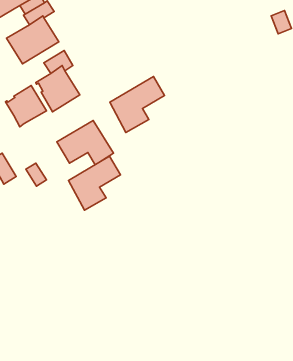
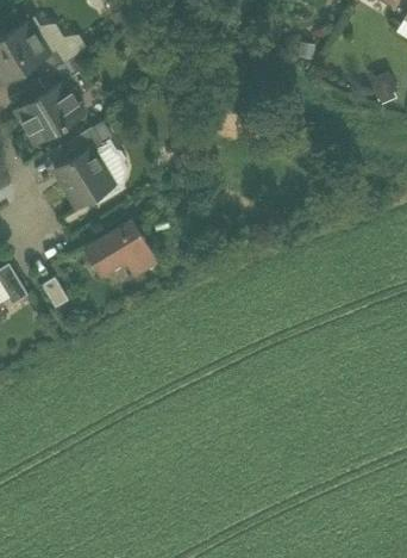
building: [110,77,165,132] -> none
building: [5,85,46,127] -> none
building: [69,156,120,210] -> none

